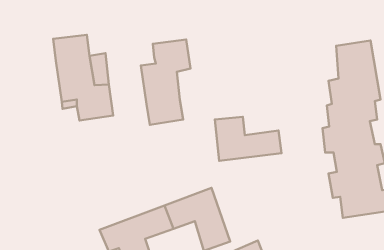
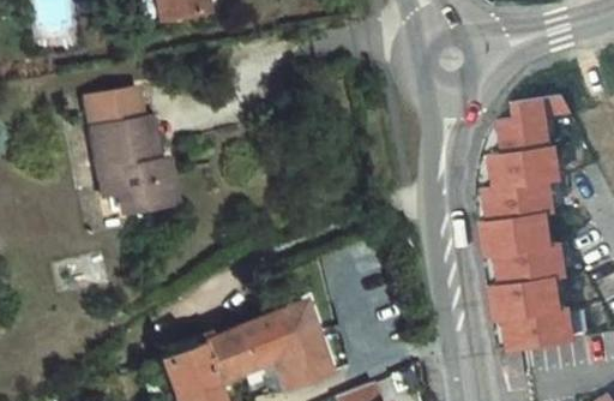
building: [141,39,191,125] -> none
building: [215,117,281,161] -> none

